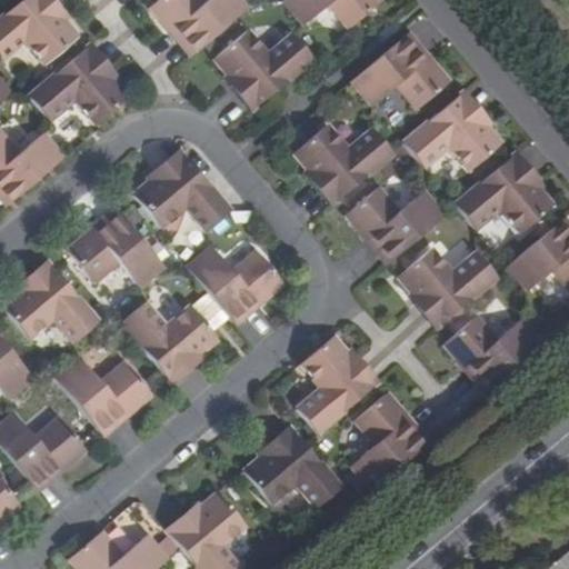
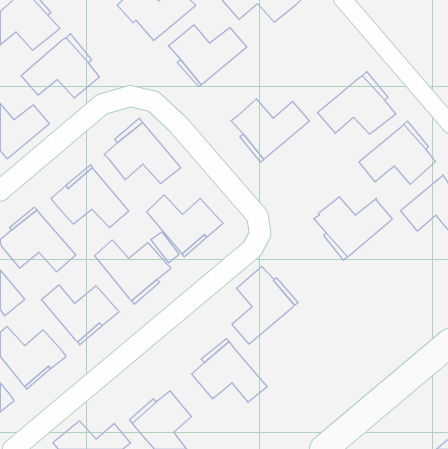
building: [352,34,450,108] -> none
building: [347,186,446,260] -> none
building: [446,315,543,389] -> none
building: [350,392,426,490] -> none

